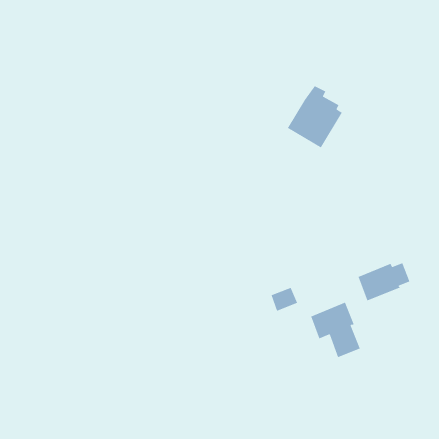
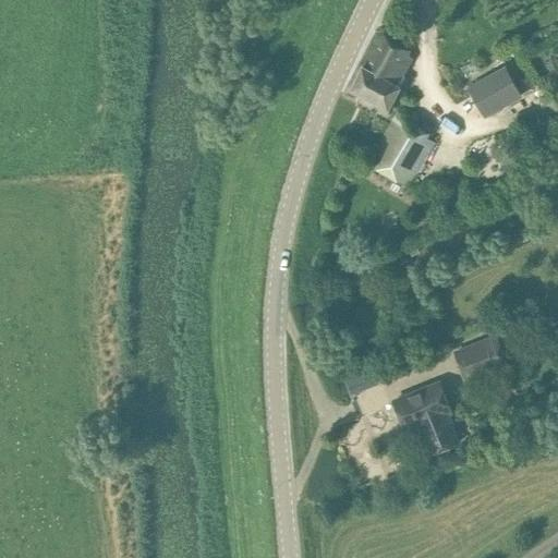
building: none -> [349,38,411,110]
building: none -> [470,68,521,116]

